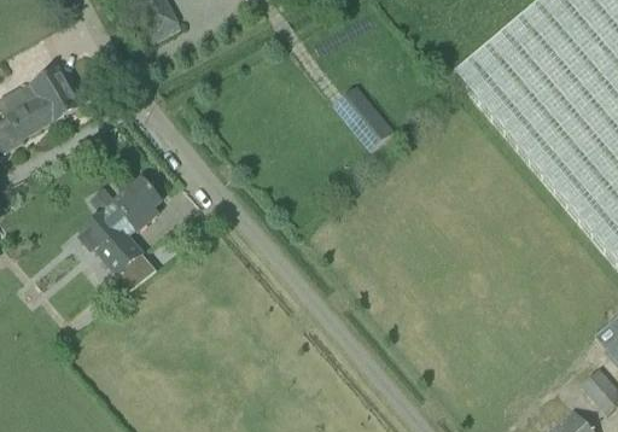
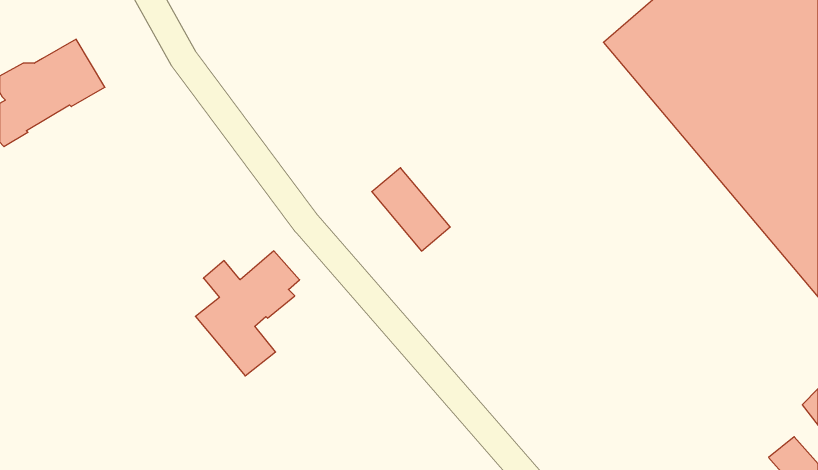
building: [334,87,393,150] -> [372,168,450,251]
building: [82,180,161,274] -> [195,251,300,376]

